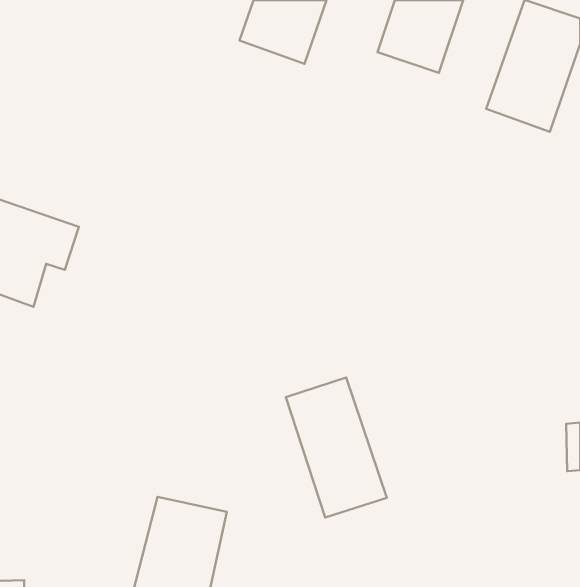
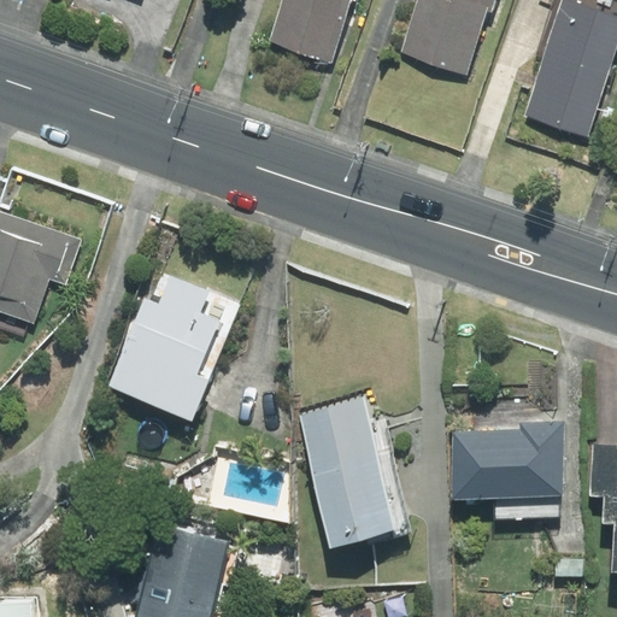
building: none -> [113,274,227,413]
building: none -> [456,419,566,498]

